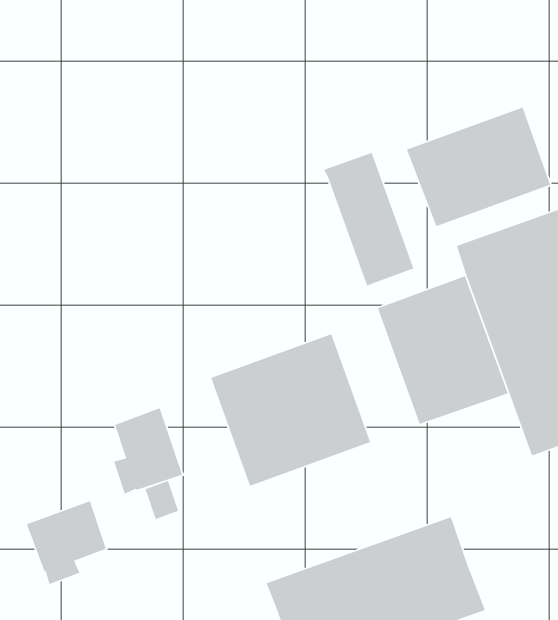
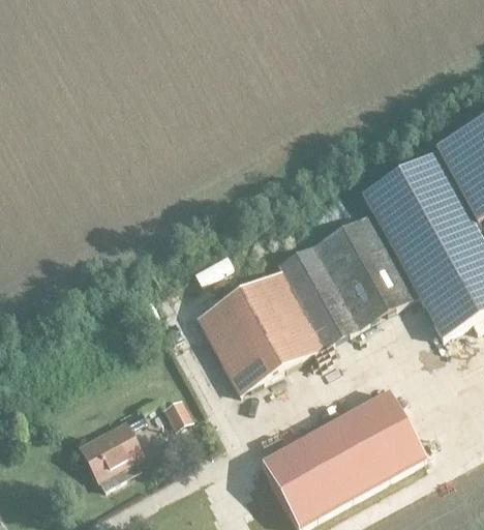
building: [406,107,551,227] -> none
building: [323,152,415,287] -> [277,246,356,346]
building: [113,407,183,495] -> none

